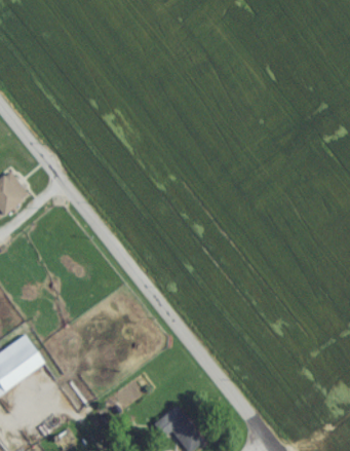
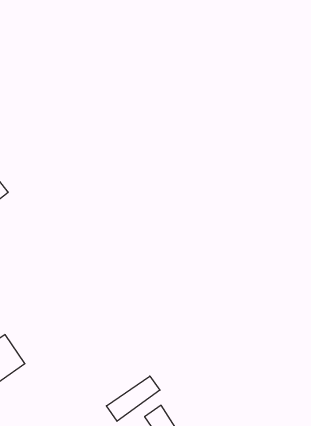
building: none -> [106,376,160,421]

